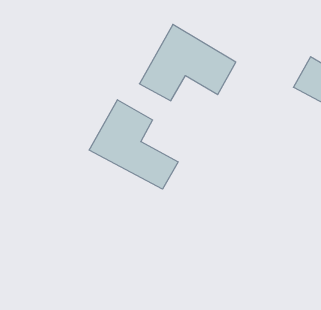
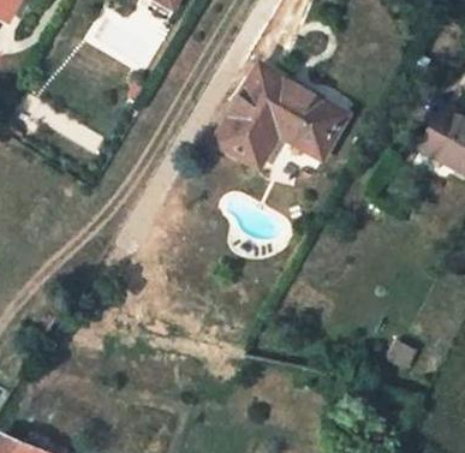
building: [89,100,178,189] -> none

